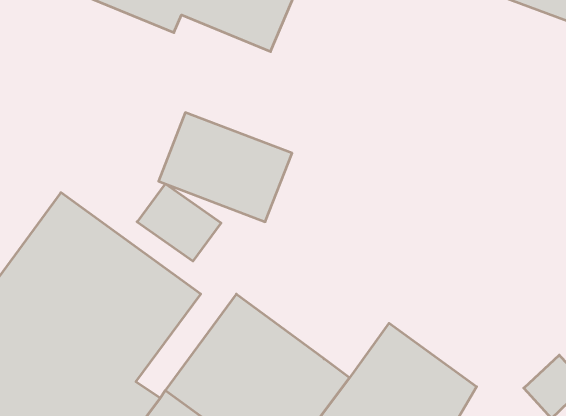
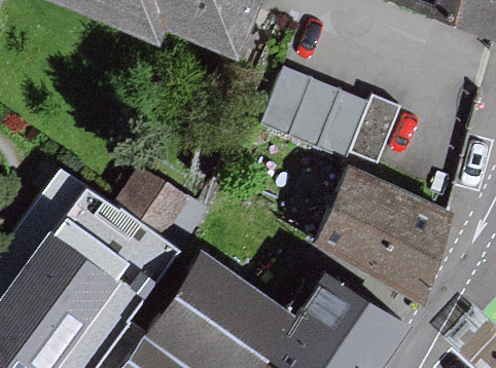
building: [159,113,292,222] -> [261,71,369,159]
building: none -> [317,169,456,300]

